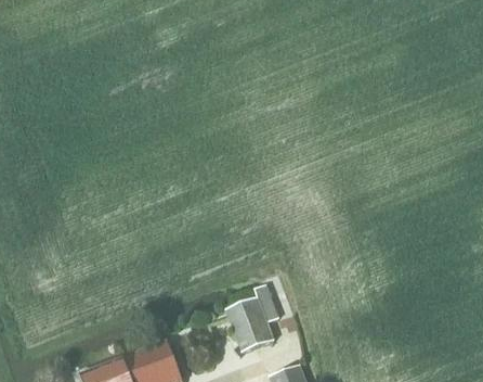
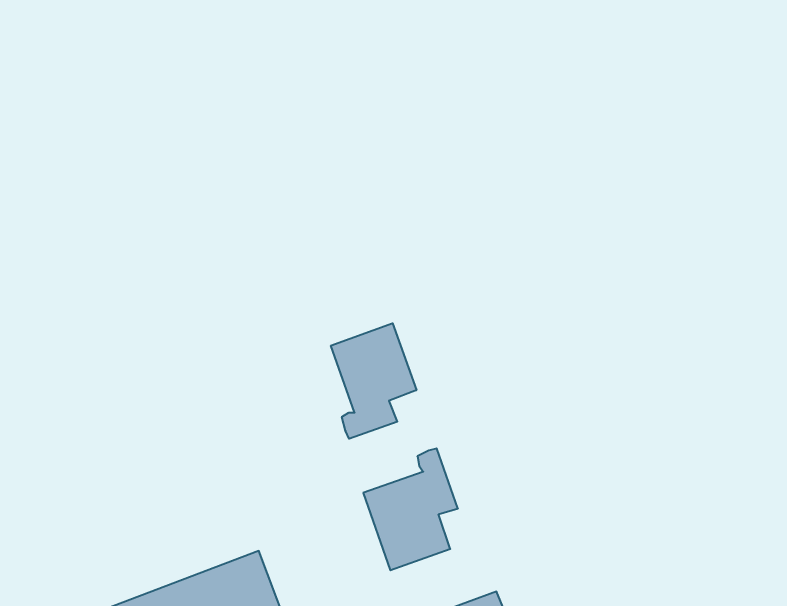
building: none -> [331,323,416,439]

